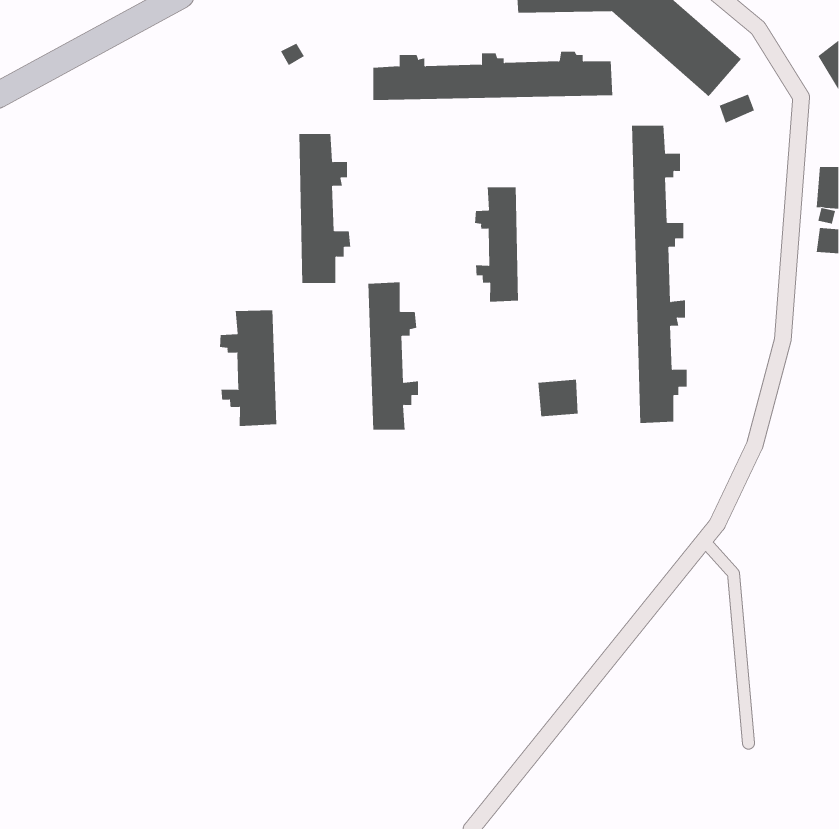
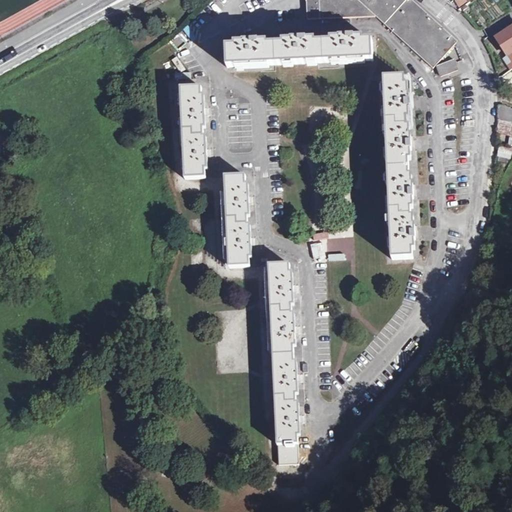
building: [475,186,519,303] -> none
building: [219,310,277,427] -> none
building: none -> [266,261,302,462]

